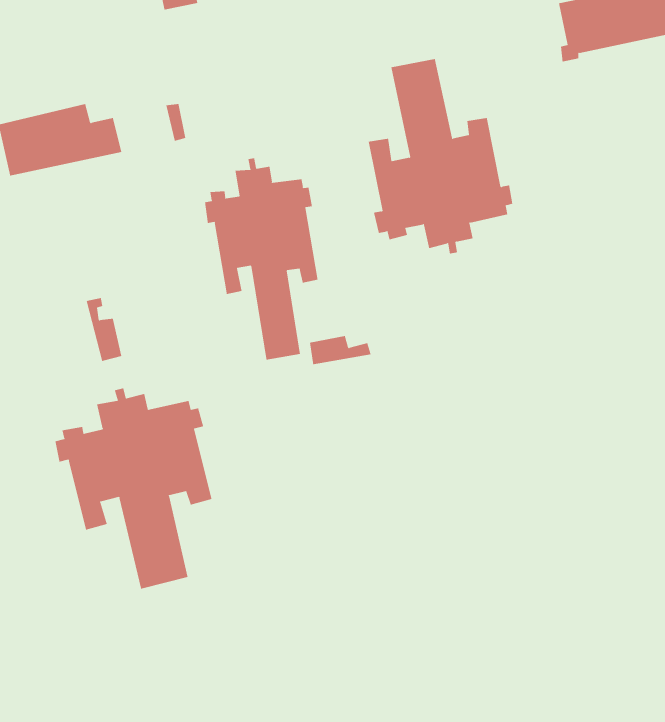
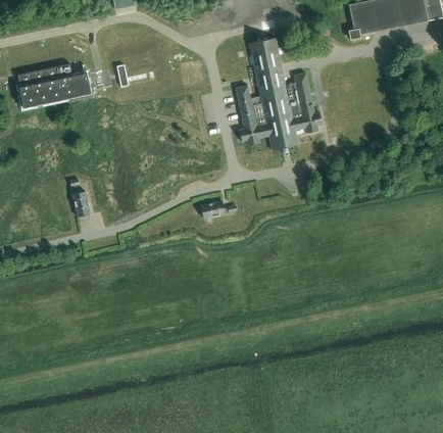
building: [205,157,318,360] -> none
building: [55,387,212,590] -> none

